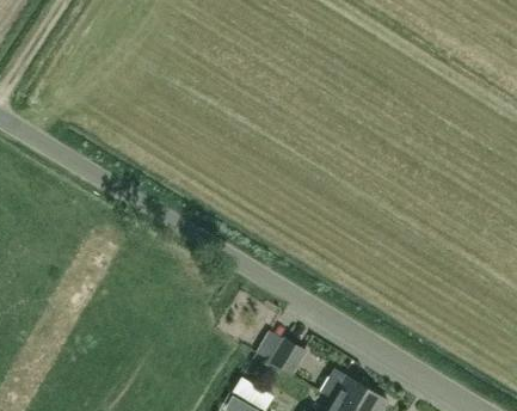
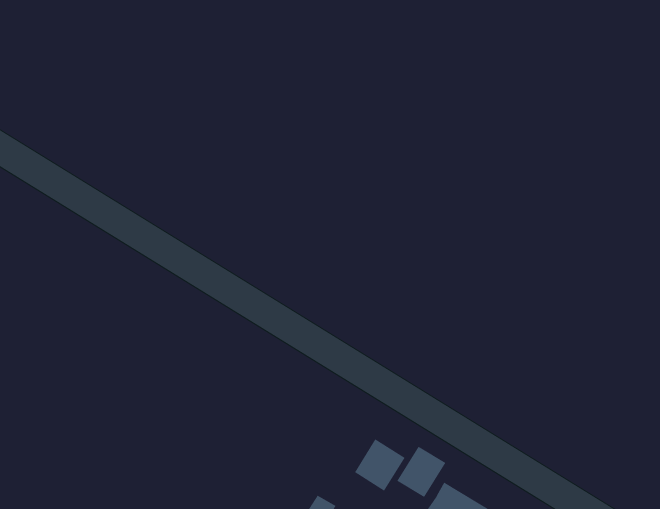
building: none -> [396,446,446,498]

